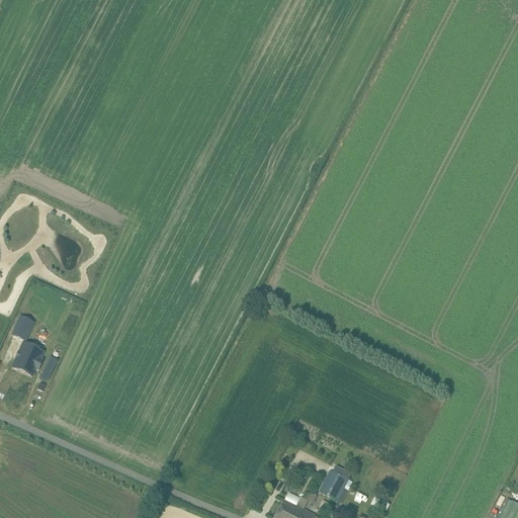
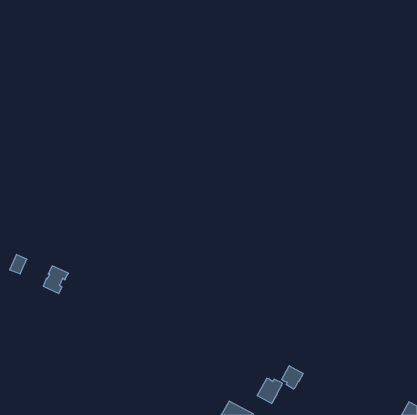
building: [12,342,44,376] -> [43,266,69,294]
building: none -> [282,366,303,389]

